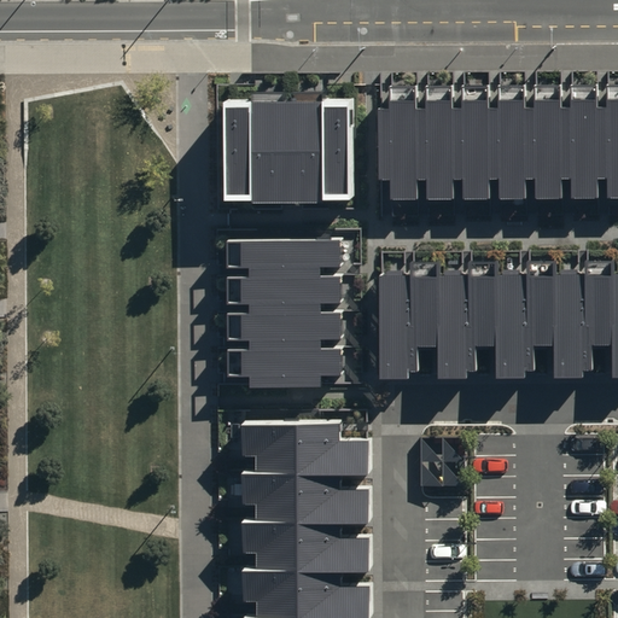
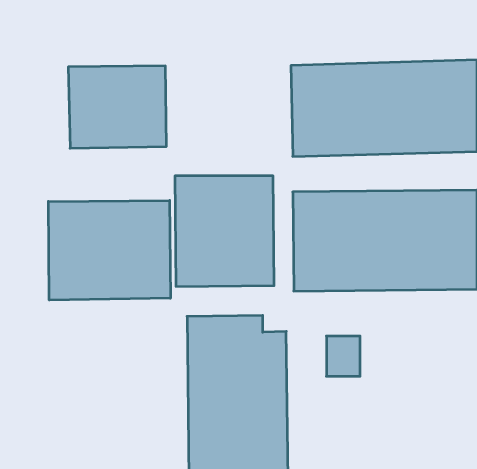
building: [226,101,352,208] -> [68,66,166,148]
building: none -> [48,200,170,300]

